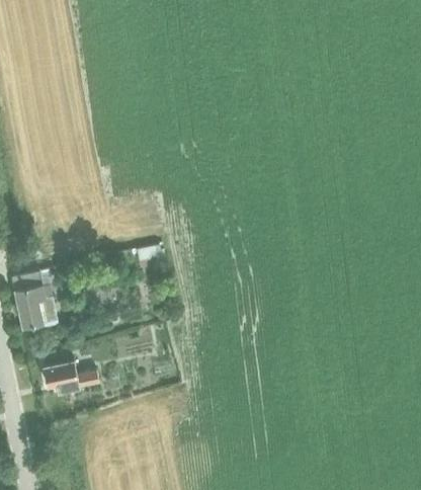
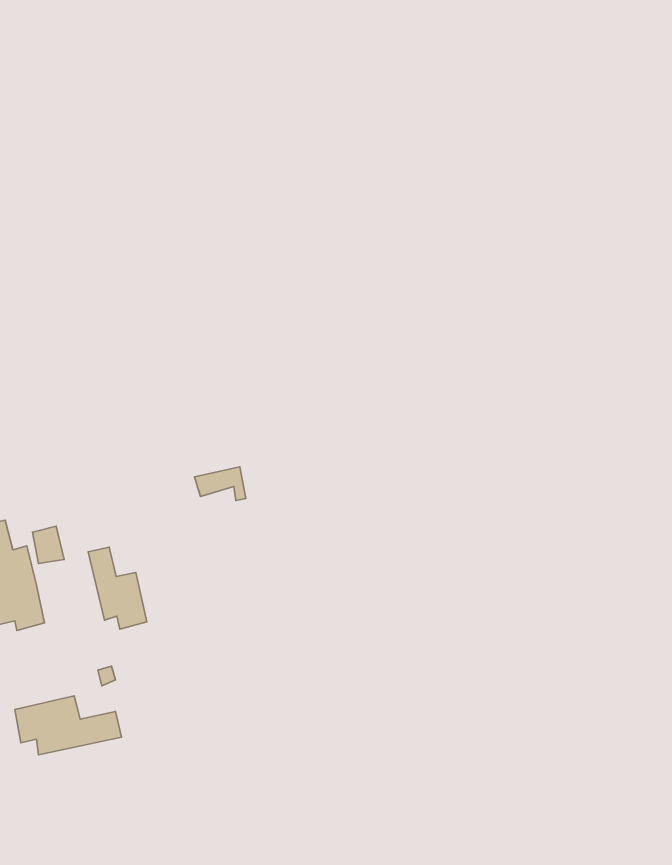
building: none -> [88,547,147,629]

